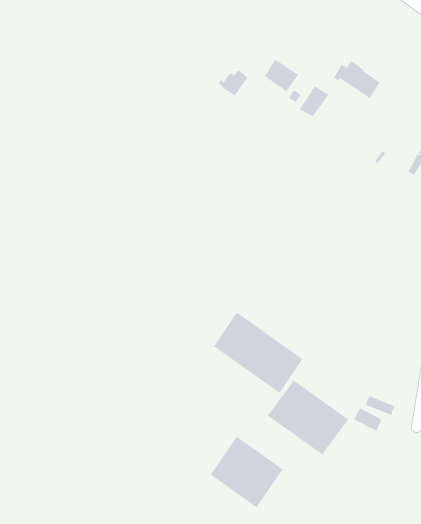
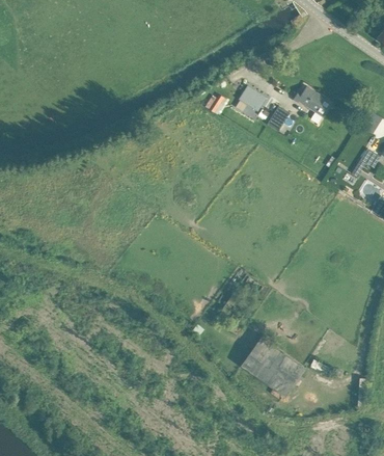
building: [213,311,303,394] -> none
building: [210,436,284,508] -> none

